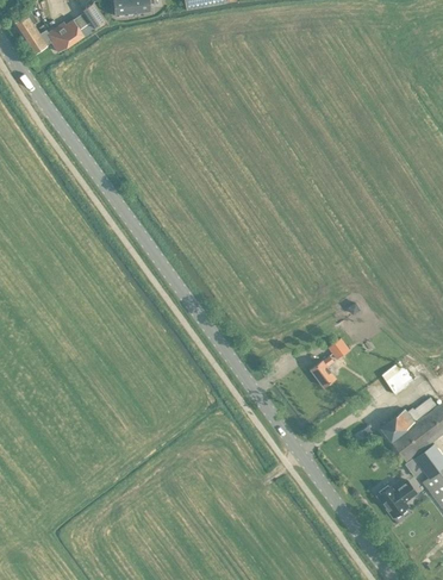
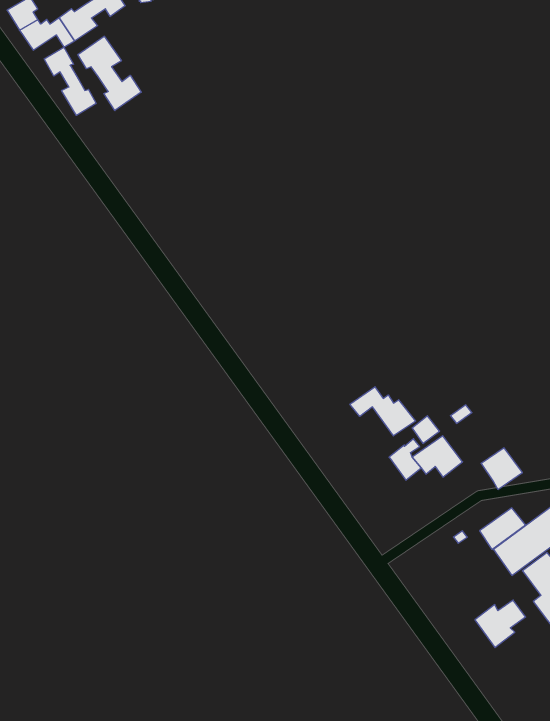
building: none -> [78,36,141,111]
building: none -> [44,47,96,115]
building: none -> [350,387,416,436]

